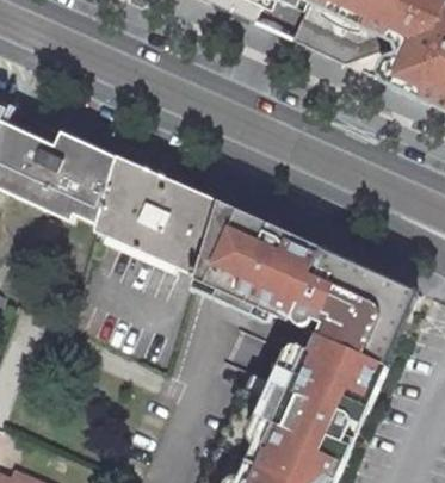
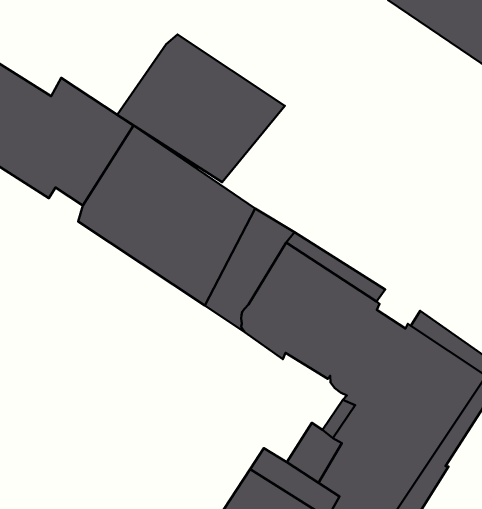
building: none -> [117,35,285,182]

